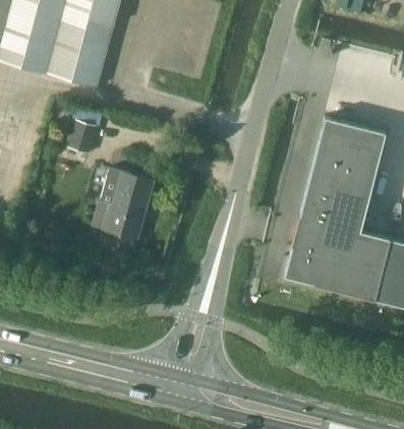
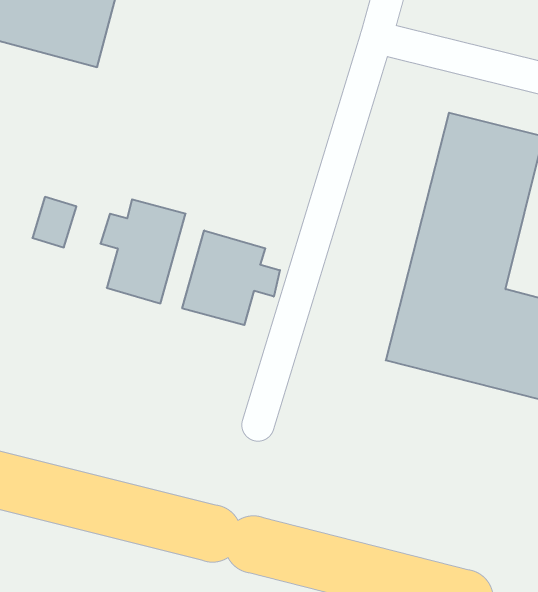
building: [68,122,97,155] -> [32,197,76,247]
building: none -> [182,230,280,325]

